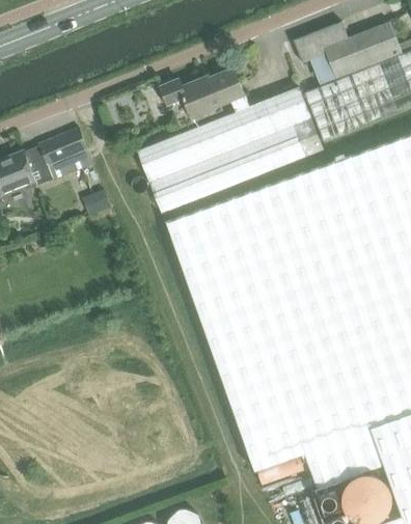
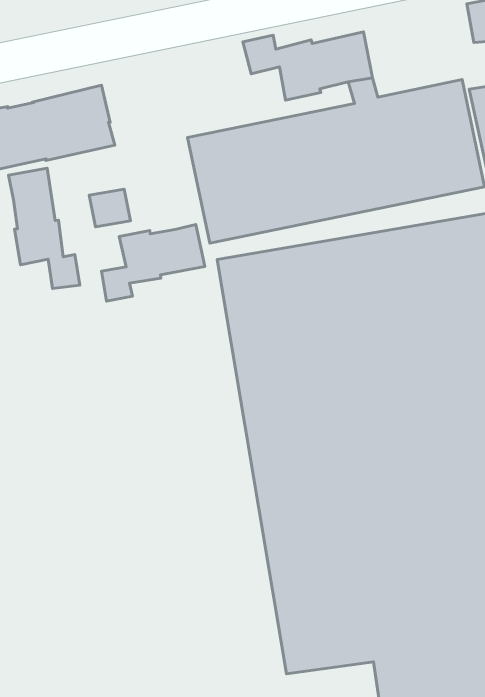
building: none -> [9,168,80,288]
building: none -> [101,224,205,301]

